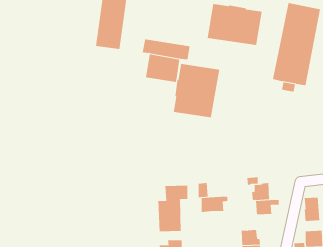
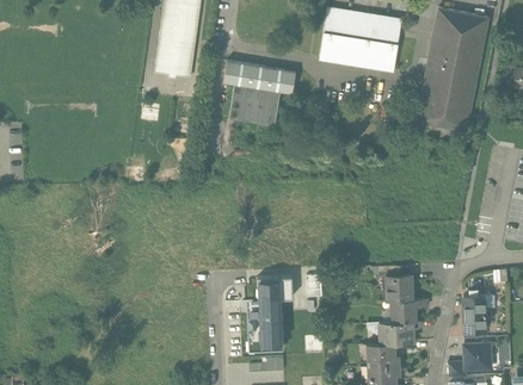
building: [173,63,220,118] -> none
building: [201,196,228,212] -> [380,322,420,346]

